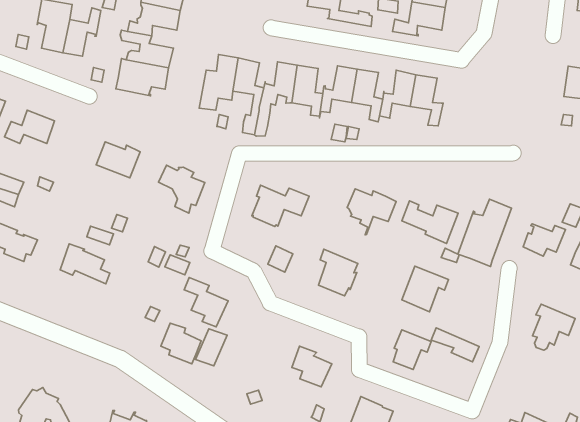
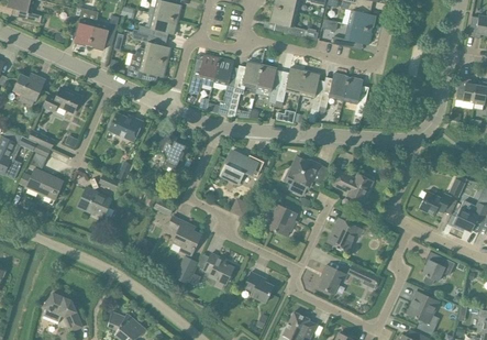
building: [458,199,512,266] -> none
building: [161,323,201,364] -> [203,253,233,284]
building: none -> [407,290,439,330]

